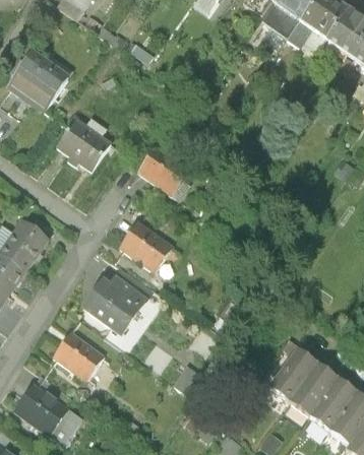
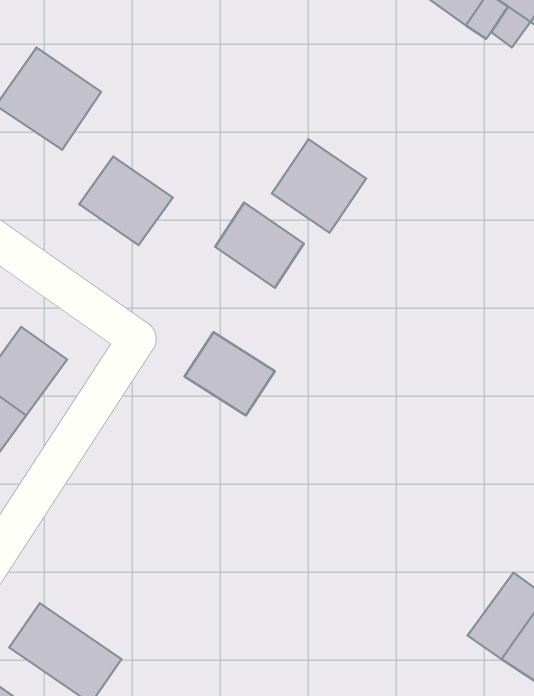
building: none -> [272,139,366,233]
building: [86,276,139,326] -> none
building: [55,329,107,379] -> none
building: [270,350,317,402] -> none

